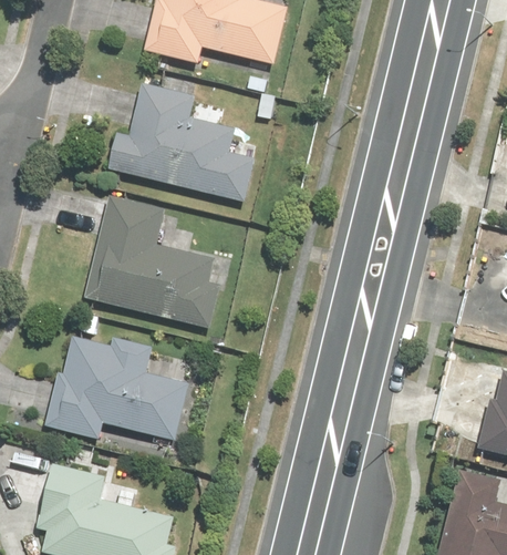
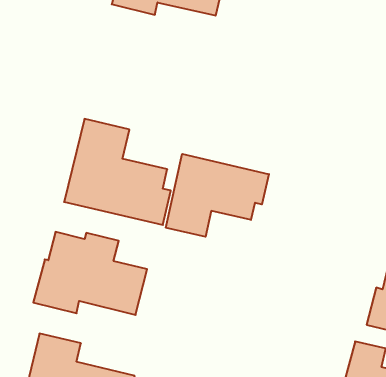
building: [114,83,259,203] -> none
building: none -> [166,154,269,237]

